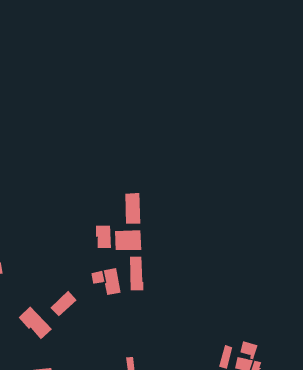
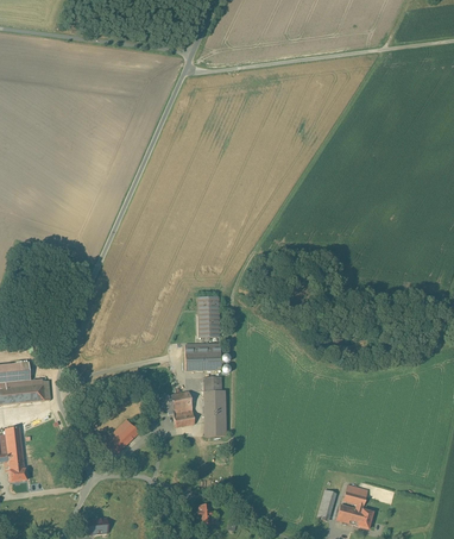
building: [95,225,111,249] -> none
building: [18,306,53,340] -> none

